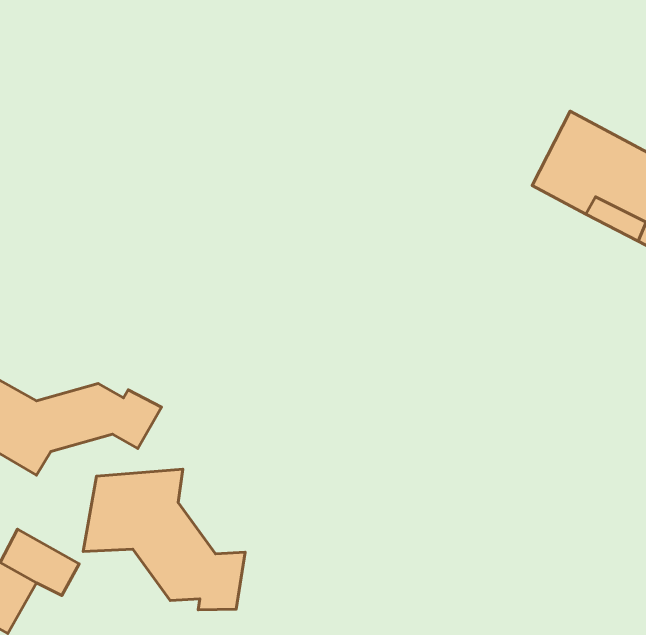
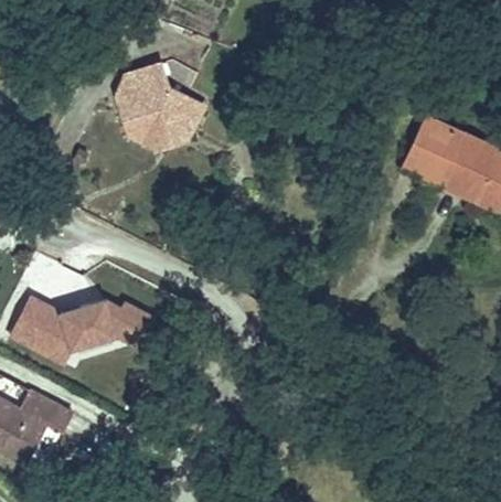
building: none -> [120,65,202,146]
building: [83,469,245,610] -> none

